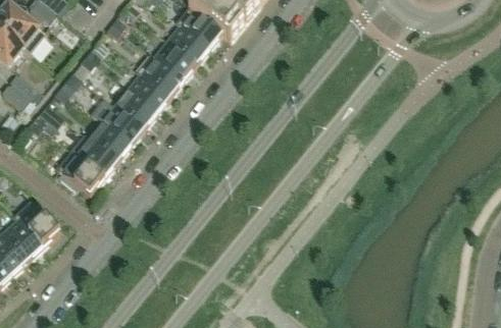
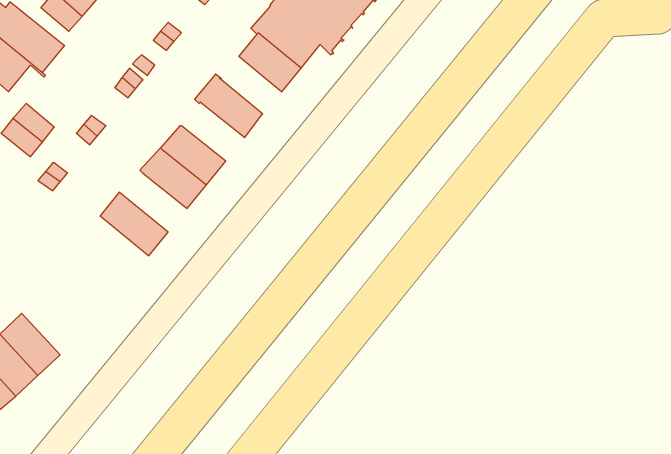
building: [152,41,195,80] -> none
building: [124,72,169,113] -> none
building: [83,119,130,162] -> none
building: [55,151,103,196] -> none
building: [11,200,58,247] -> none

